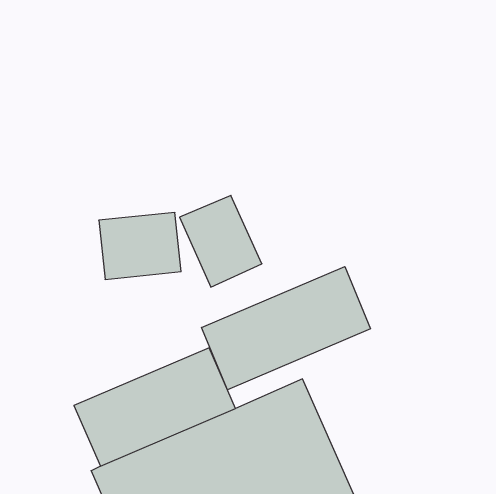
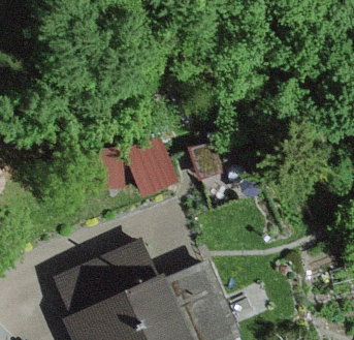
building: [202,267,371,390] -> none

